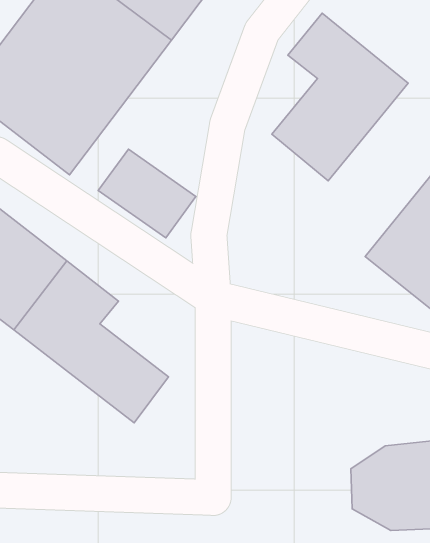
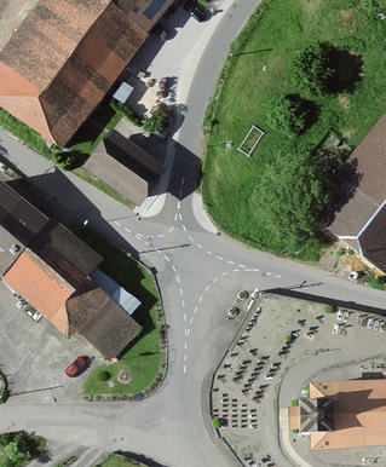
building: [272,13,408,181] -> none

